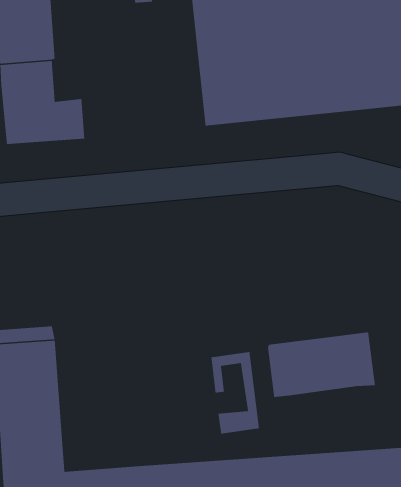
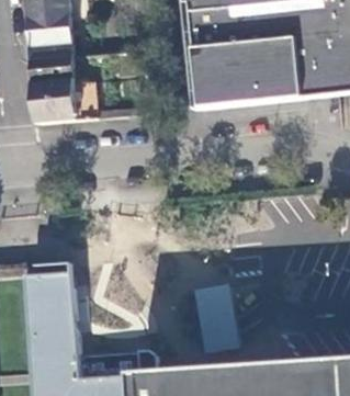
building: [267,331,376,398] -> none

